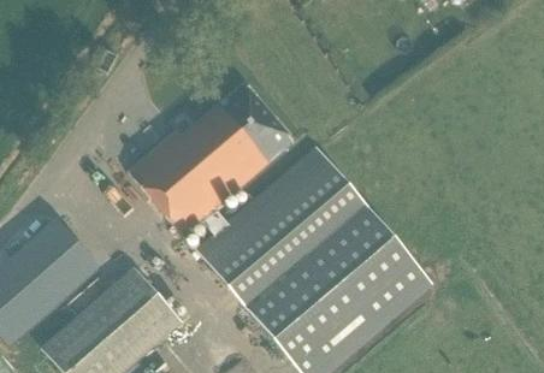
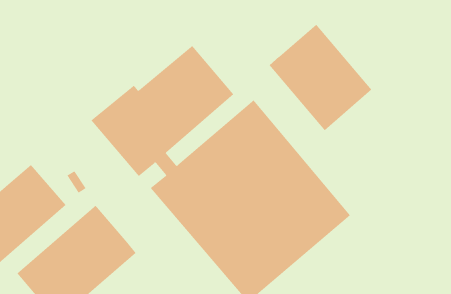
building: none -> [269,24,372,131]

